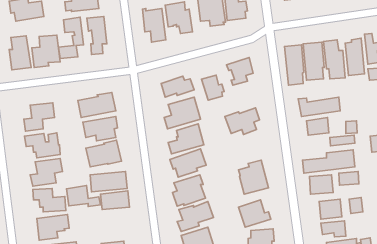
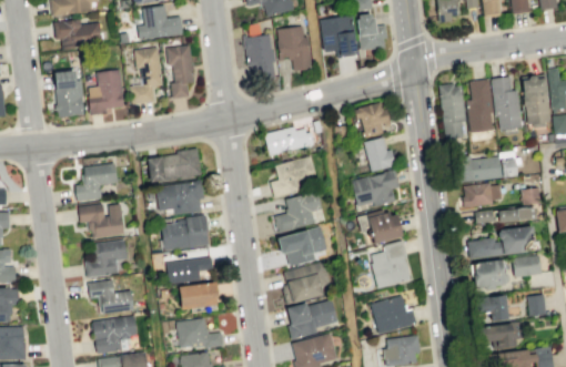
building: [202,75,224,100] -> [364,137,395,172]
building: none -> [356,211,405,244]
building: [66,186,100,207] -> [178,318,224,347]

